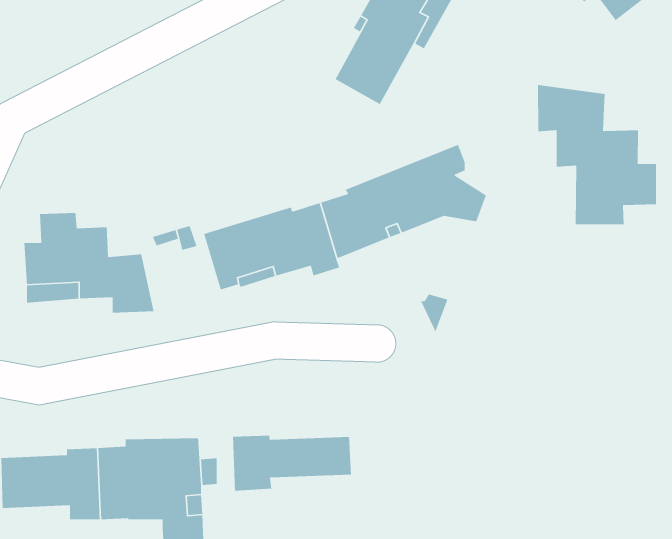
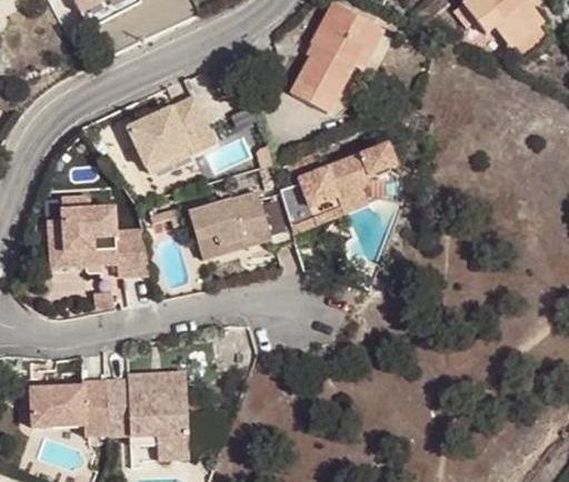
building: none -> [127,96,213,171]
building: [537,84,657,225] -> none
building: [232,435,352,491] -> none

